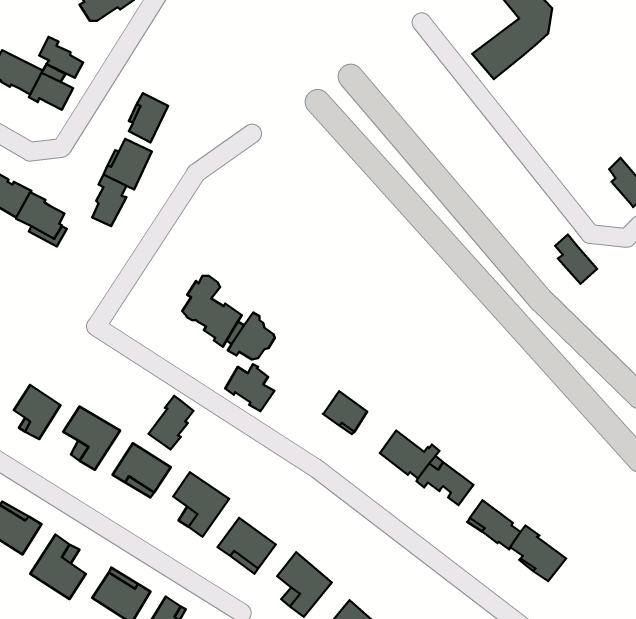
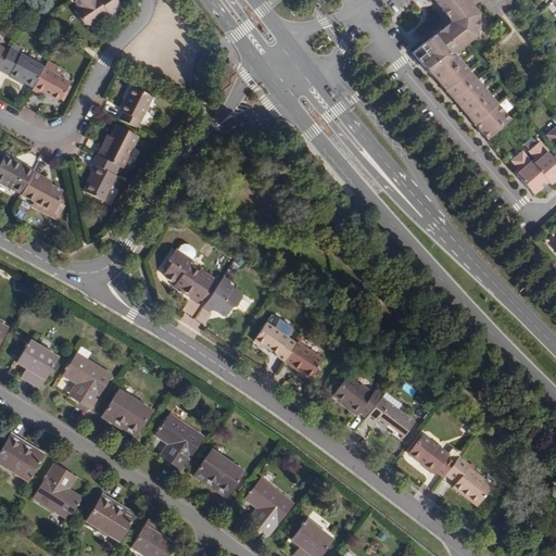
building: [39,37,83,78] -> none
building: none -> [431,54,511,139]
building: [555,235,597,284] -> [513,151,548,193]
building: [225,364,274,411] -> [255,319,298,359]
building: [148,396,193,449] -> none

